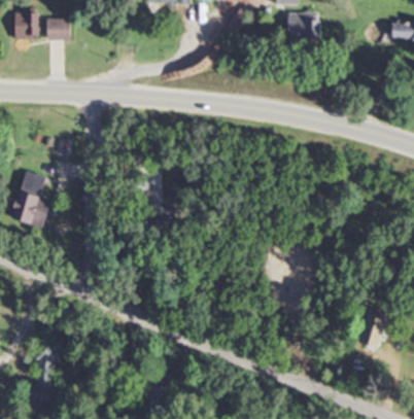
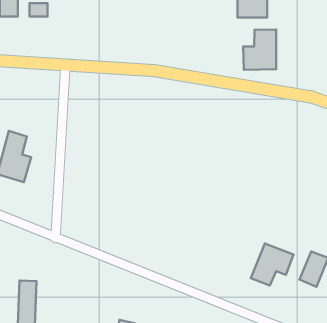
building: none -> [243,29,276,70]
building: none -> [251,244,294,285]

